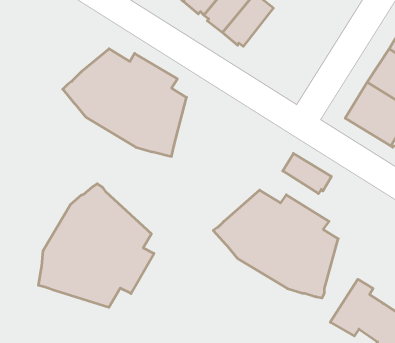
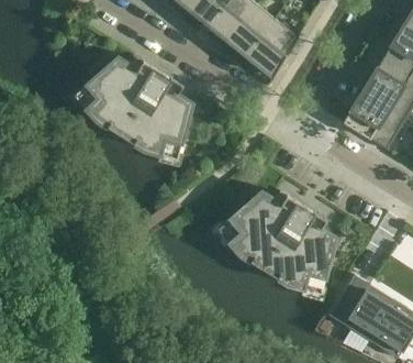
building: none -> [245,16,295,76]
building: [283,153,331,194] -> none
building: [38,184,154,307] -> none

